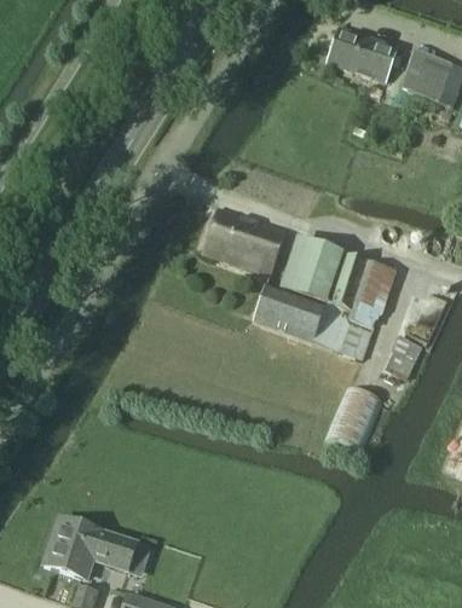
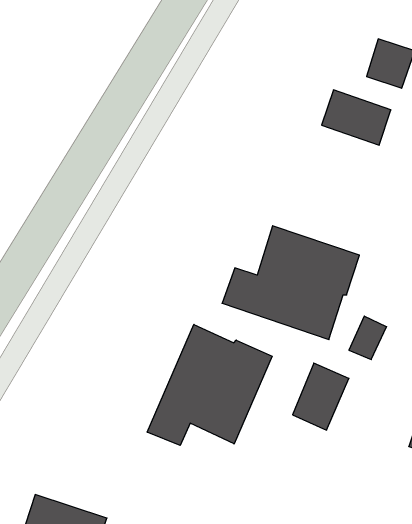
building: [327,25,398,82] -> [322,90,391,145]
building: [202,207,287,276] -> none
building: none -> [147,324,272,445]

